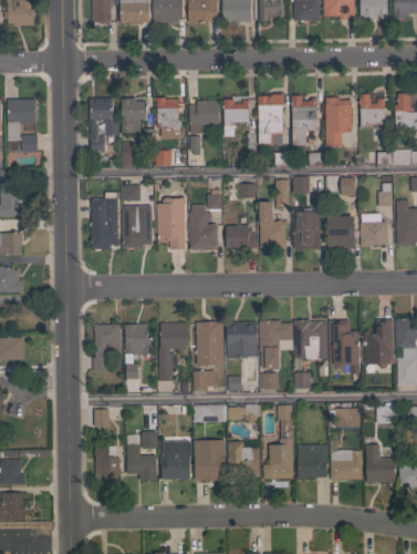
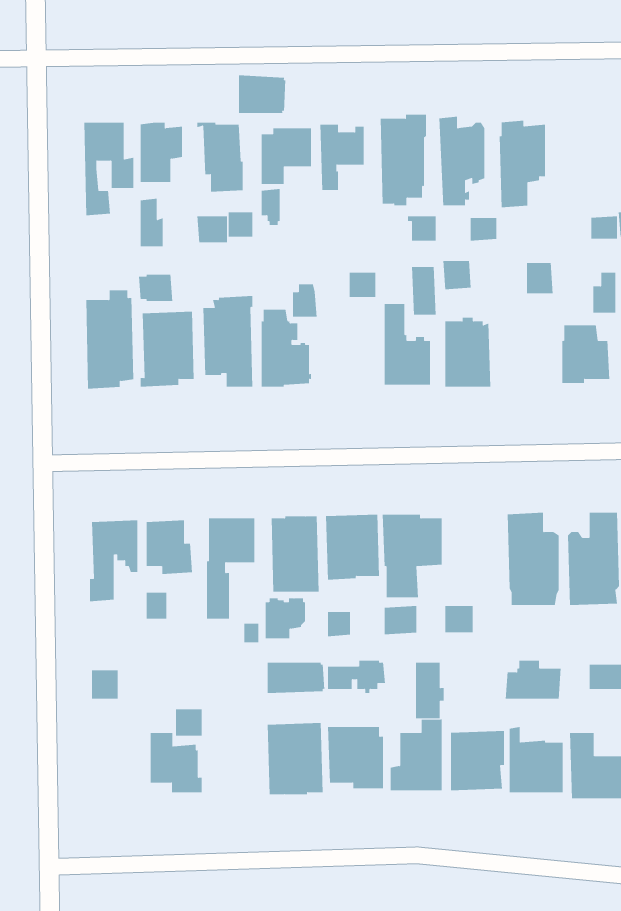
building: none -> [238,75,286,114]
building: [359,93,385,126] -> none
building: [327,216,355,248] -> none
building: [226,219,258,247] -> none
building: [293,319,327,358] -> none
building: [161,439,190,479] -> none
building: [94,445,122,481] -> none

